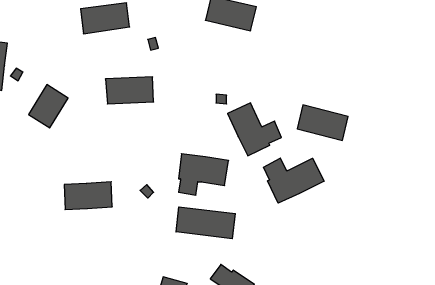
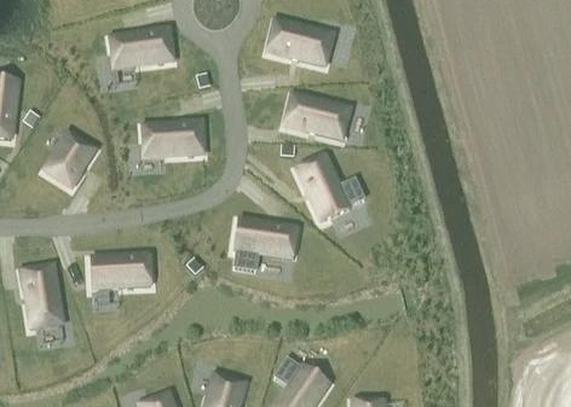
building: [297,105,348,140] -> [284,94,348,139]
building: [263,158,324,203] -> none
building: none -> [22,264,62,327]
building: [176,207,235,239] -> none

